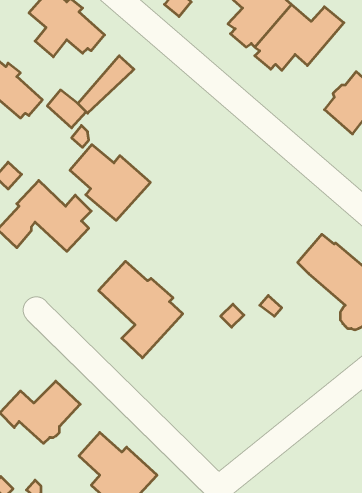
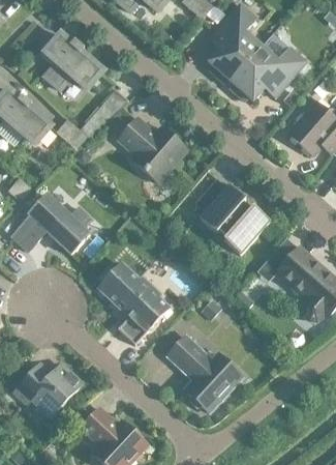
building: [70,145,150,220] -> [118,117,186,181]
building: none -> [194,177,269,254]
building: none -> [166,335,241,411]

